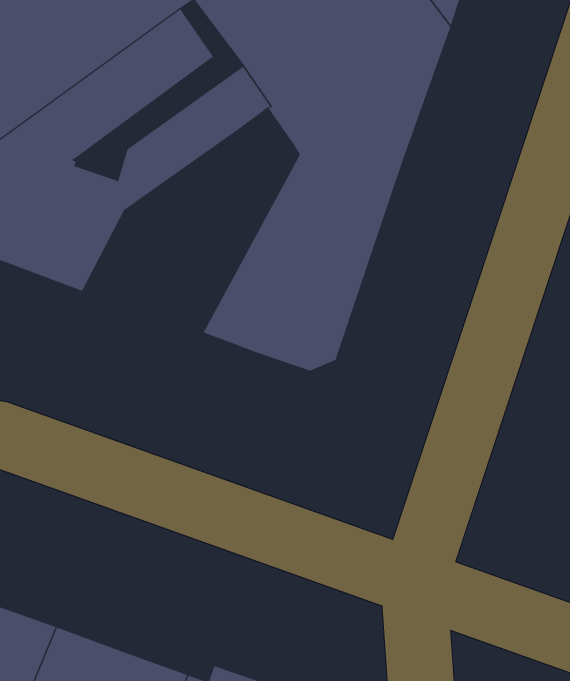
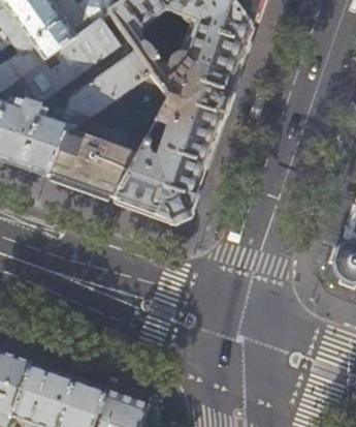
building: none -> [46,85,167,199]

